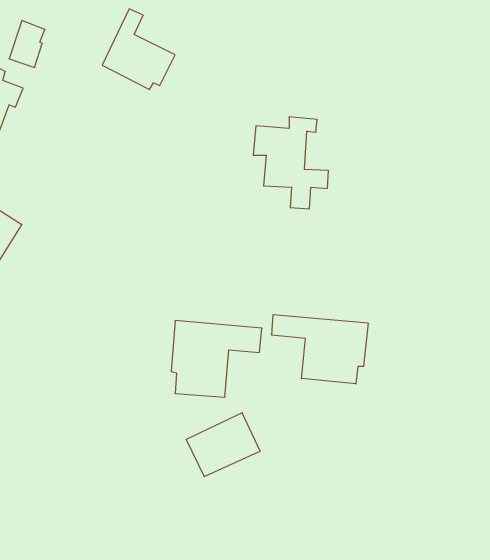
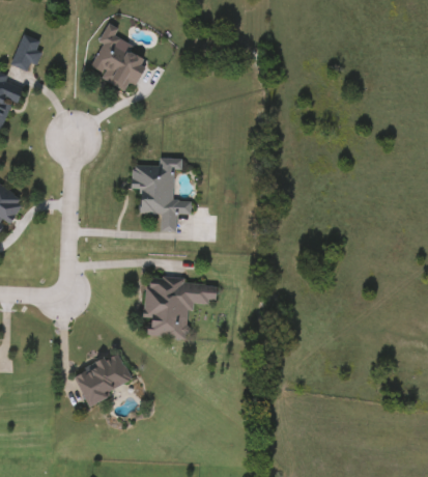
building: [253,117,329,209] -> [131,158,192,232]
building: [272,315,368,384] -> none
building: [186,413,260,477] -> [74,353,134,404]

